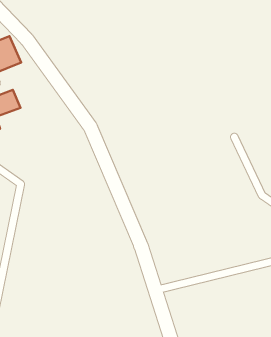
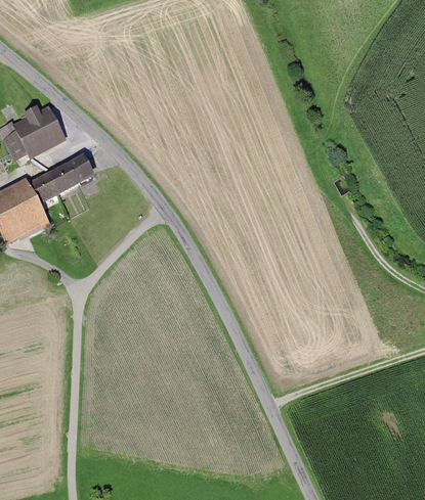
building: none -> [57,154,95,190]

